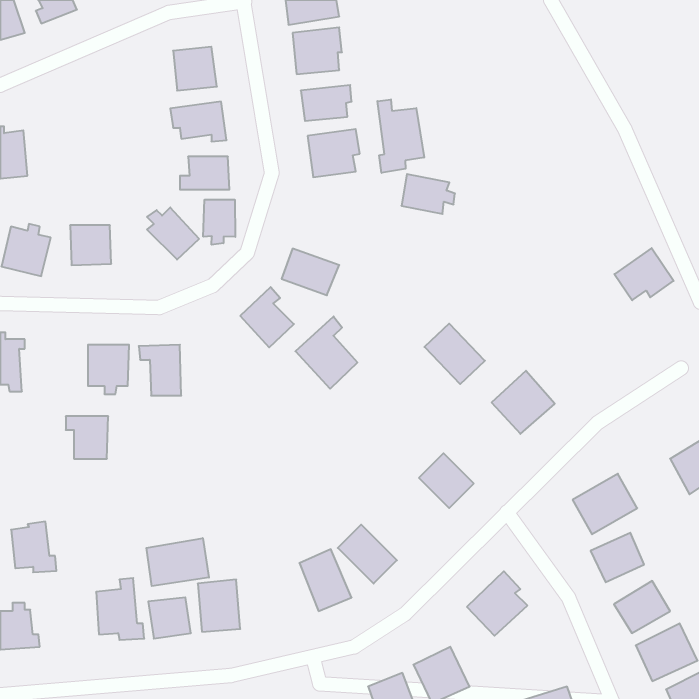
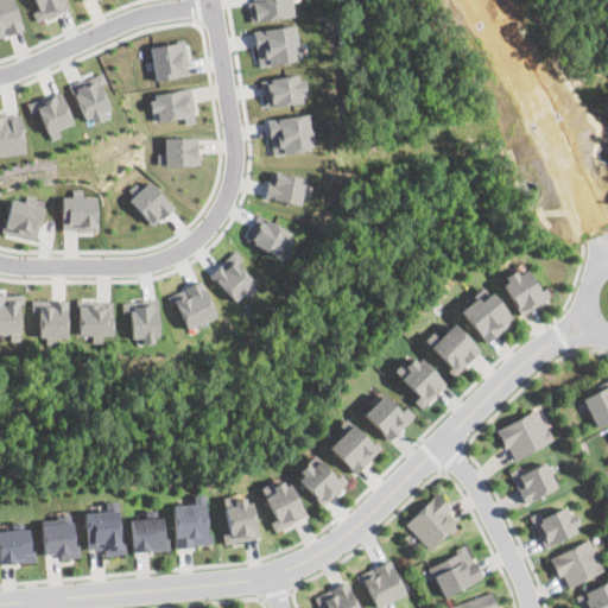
building: none -> [70,74,113,125]
building: [377,99,424,173] -> none
building: none -> [26,91,74,141]
building: [401,174,455,214] -> [266,171,312,205]
building: [203,200,235,245] -> none
building: [614,248,674,300] -> [493,266,544,311]
building: [295,316,357,389] -> none
building: none -> [171,281,217,330]
building: [424,324,485,384] -> [394,355,446,407]
building: none -> [462,297,509,344]
building: [66,416,108,459] -> [32,300,69,337]
building: none -> [328,424,381,476]
building: [11,522,56,572] -> [42,515,81,559]
building: [146,538,209,586] -> none
building: none -> [223,496,258,543]
building: none -> [430,550,484,600]

